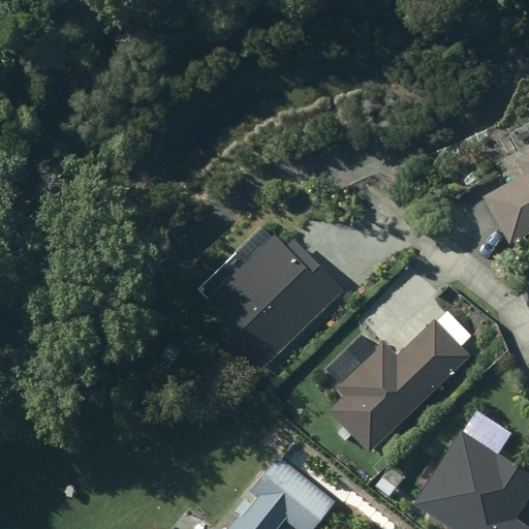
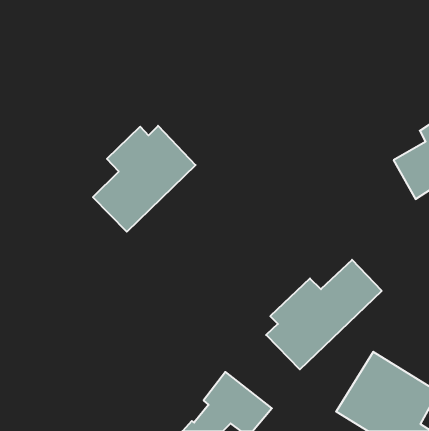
building: none -> [93,126,196,232]
building: [214,238,344,366] -> none

